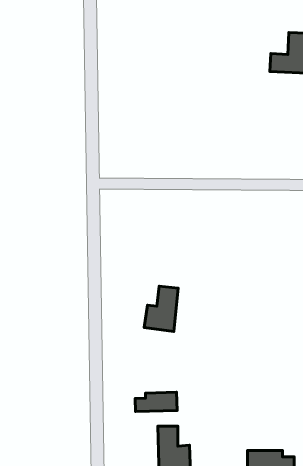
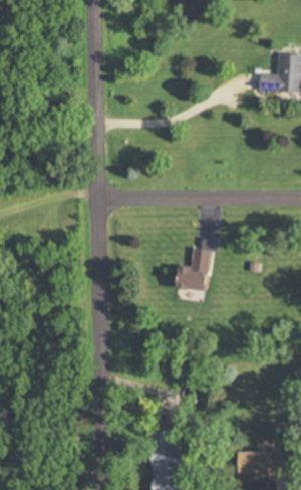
building: [144,286,178,332] -> [180,248,212,291]
building: [135,392,177,412] -> none

